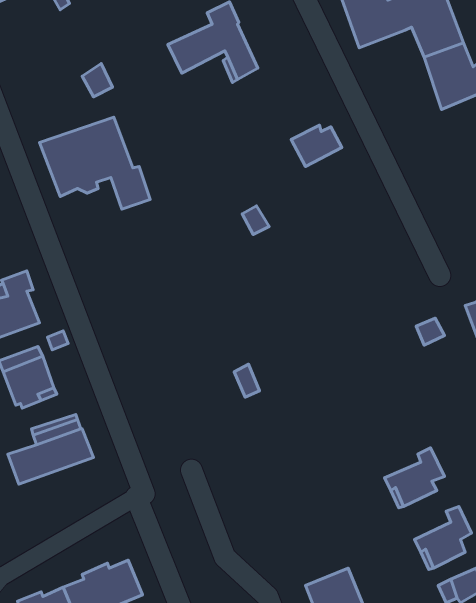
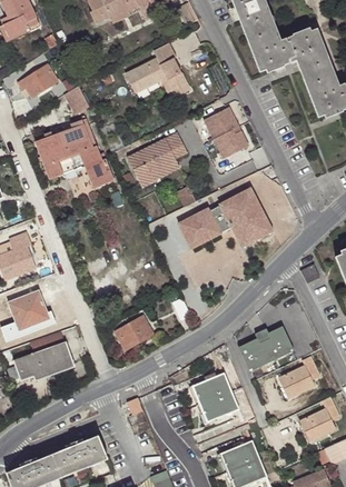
building: none -> [17,63,57,98]
building: none -> [201,107,235,139]
building: none -> [127,132,187,187]
building: none -> [176,188,270,249]
building: none -> [113,315,151,347]
building: none -> [238,327,293,371]
building: none -> [192,372,238,421]

